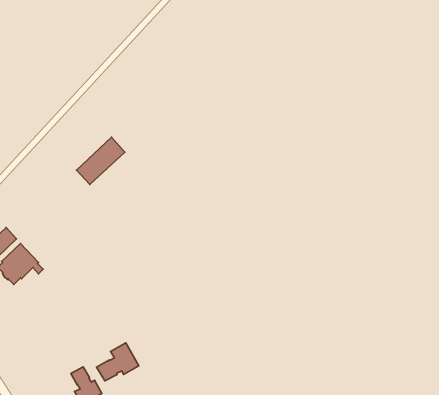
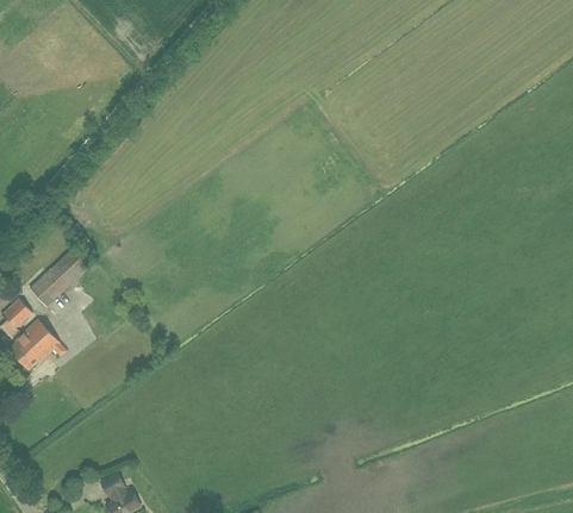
building: [77,137,125,185] -> [29,248,89,307]
building: [96,343,139,381] -> none

